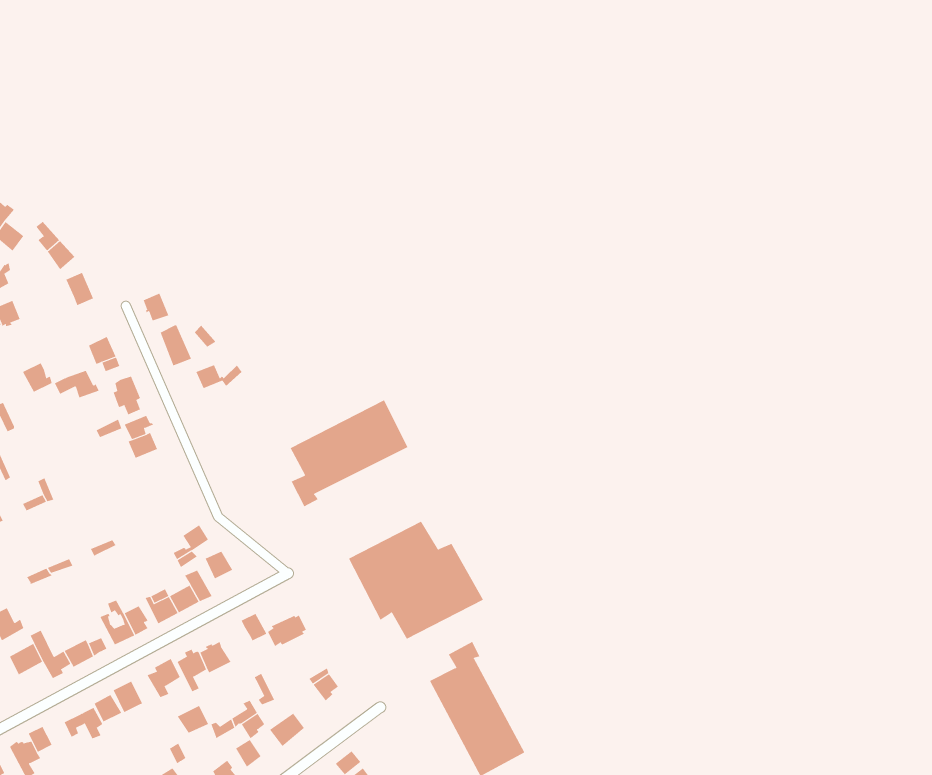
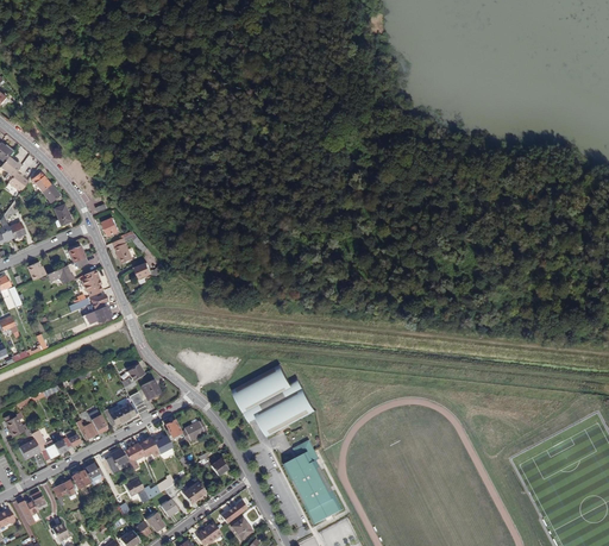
building: [290,400,408,507] -> none

